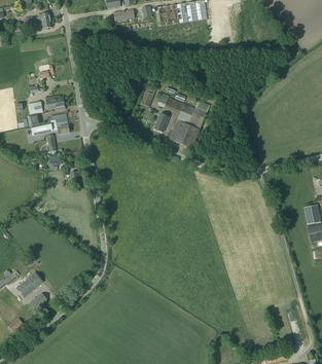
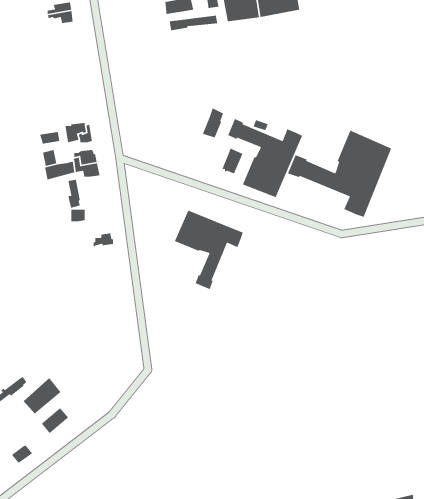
building: none -> [287,129,392,218]
building: none -> [174,210,244,290]

